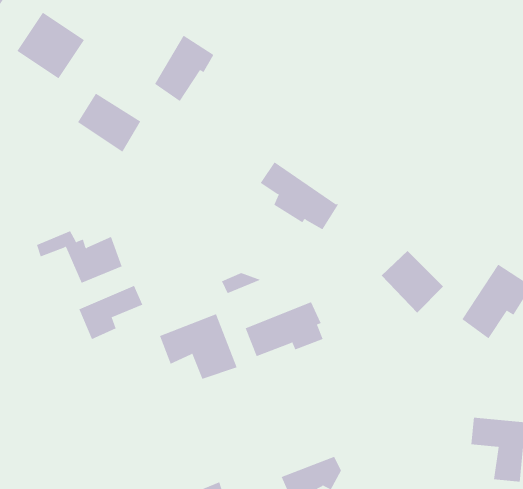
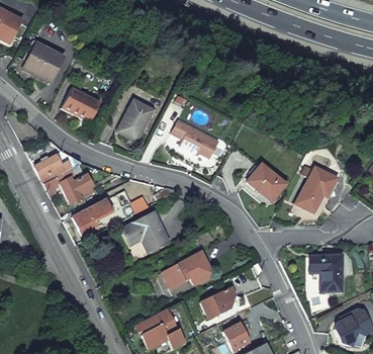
building: [154,35,214,102] -> [118,101,152,141]
building: none -> [35,153,76,181]
building: [245,302,323,357] -> [163,252,209,287]

